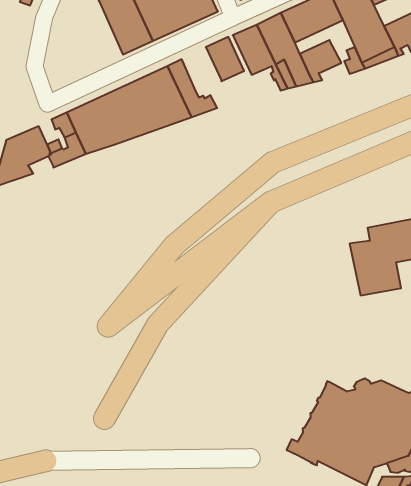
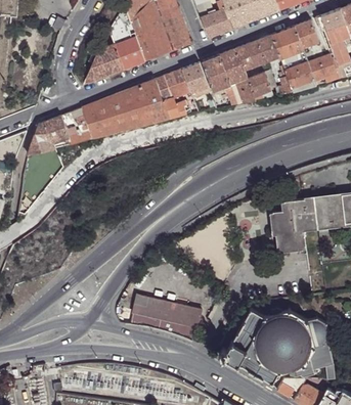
building: none -> [85,45,123,84]
building: none -> [164,70,190,99]
building: none -> [129,294,200,343]

